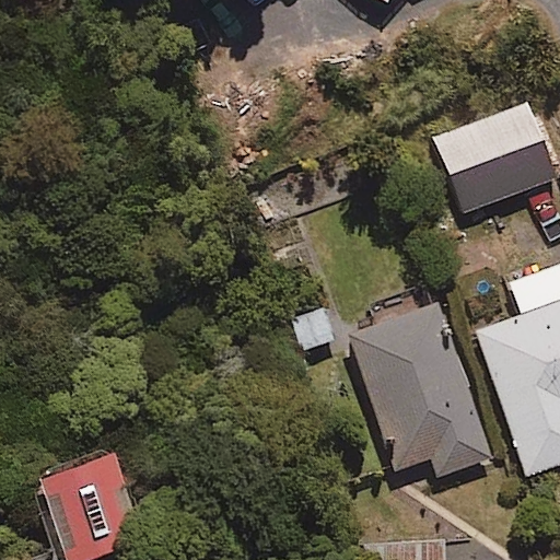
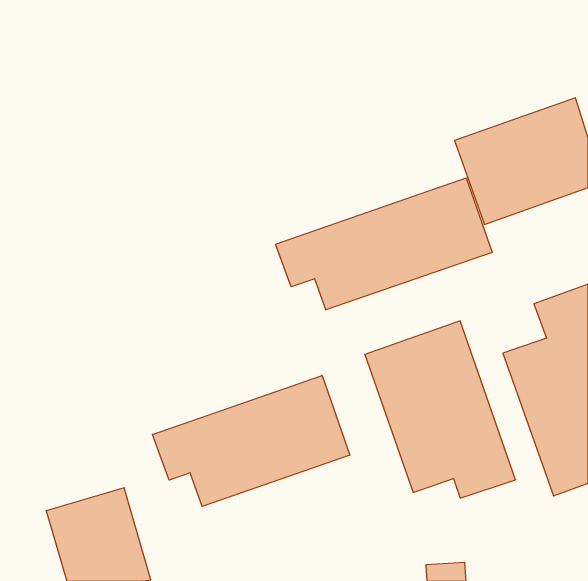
building: none -> [275,178,492,310]
building: none -> [153,375,350,506]

